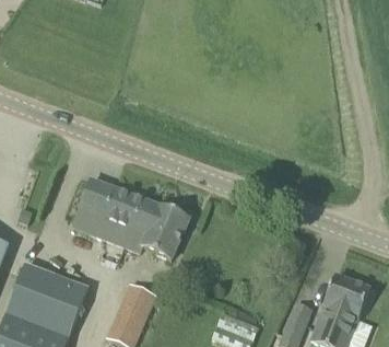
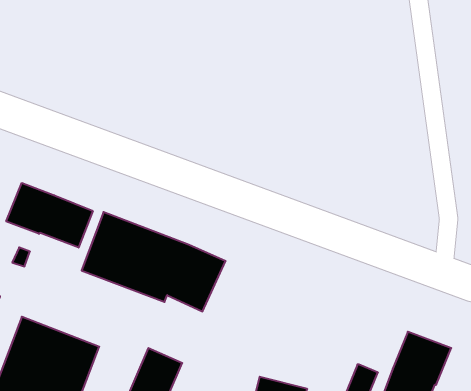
building: none -> [6,183,93,248]

